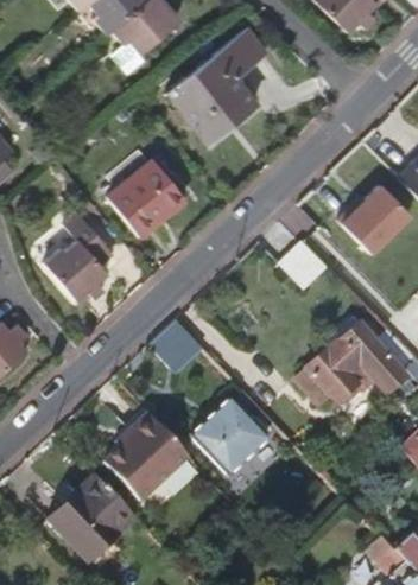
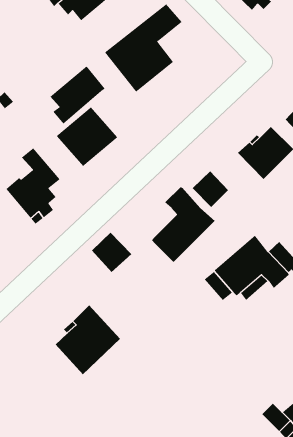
building: none -> [50,65,106,124]
building: none -> [151,186,216,263]
building: [190,398,266,473] -> none
building: [53,475,135,559] -> none

